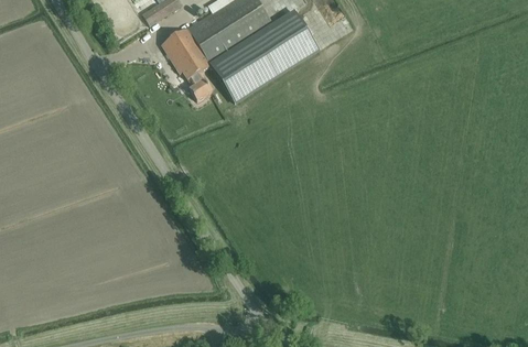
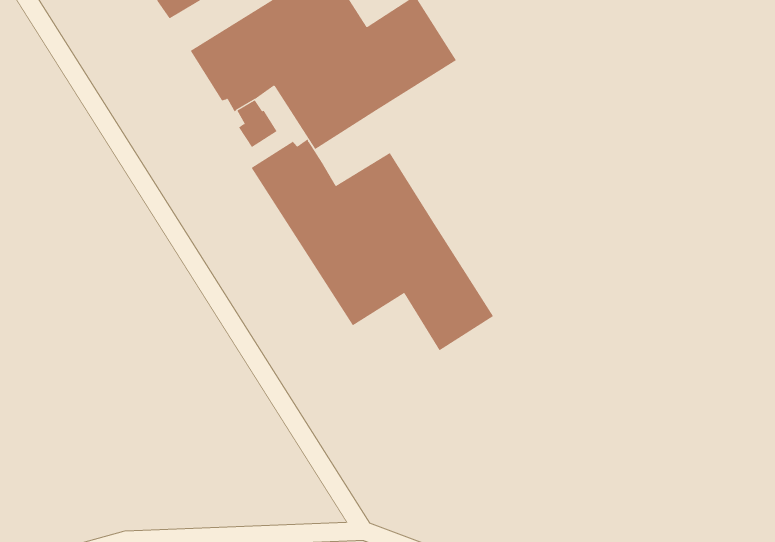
building: none -> [251,138,494,351]

